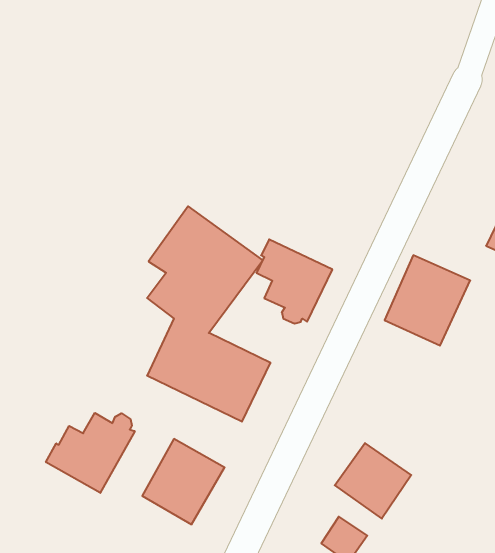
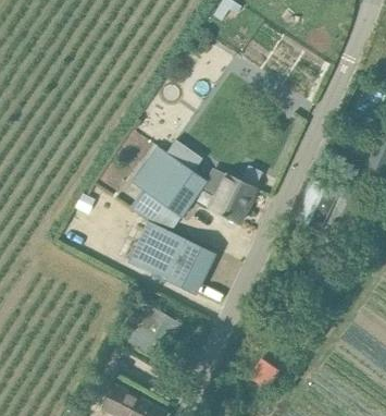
building: [46,413,135,493] -> none
building: [335,443,411,519] -> none

